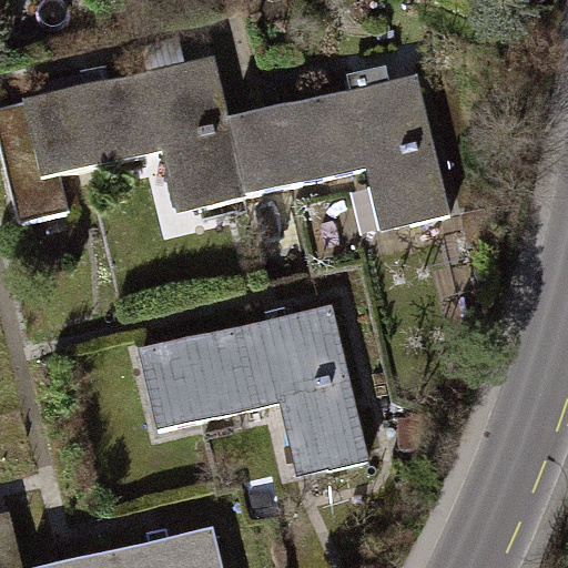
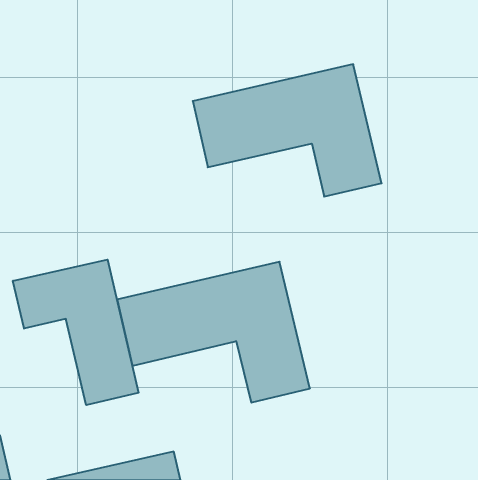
building: [20,57,244,213] -> none
building: none -> [13,260,139,405]

